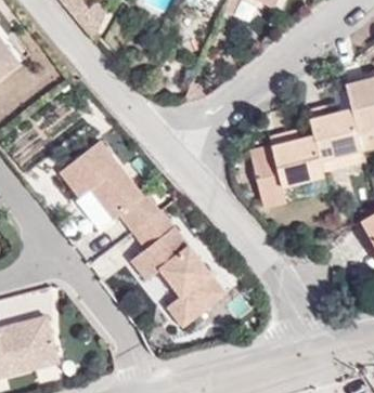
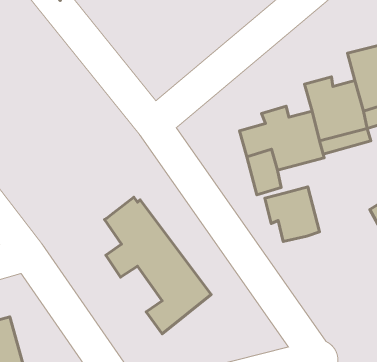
building: [60,139,159,228] -> none
building: none -> [265,187,320,242]

